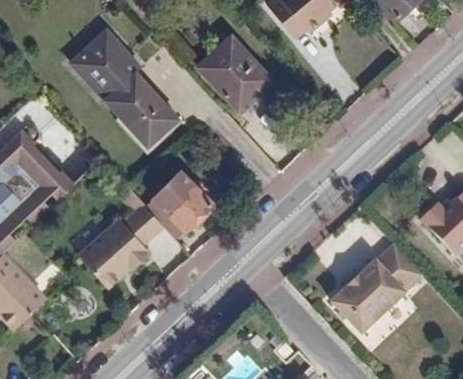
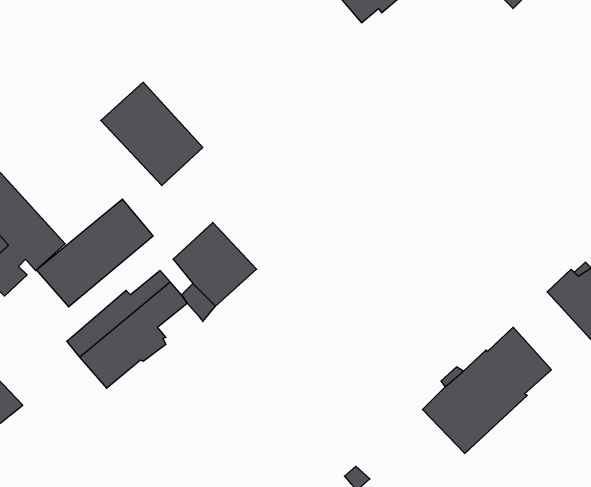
building: [70,25,145,99] -> none
building: [197,39,263,107] -> none
building: none -> [36,199,153,307]

